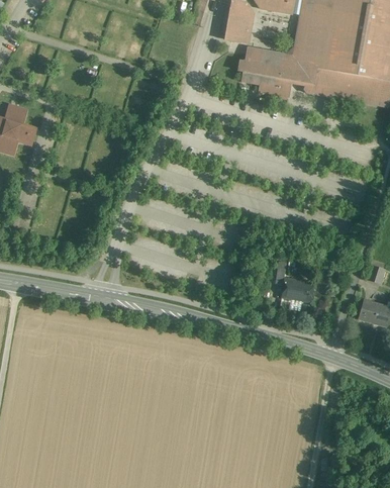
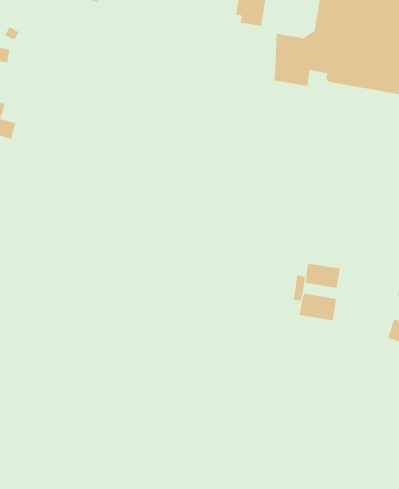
building: [236,47,260,84] -> none
building: none -> [305,263,341,289]

